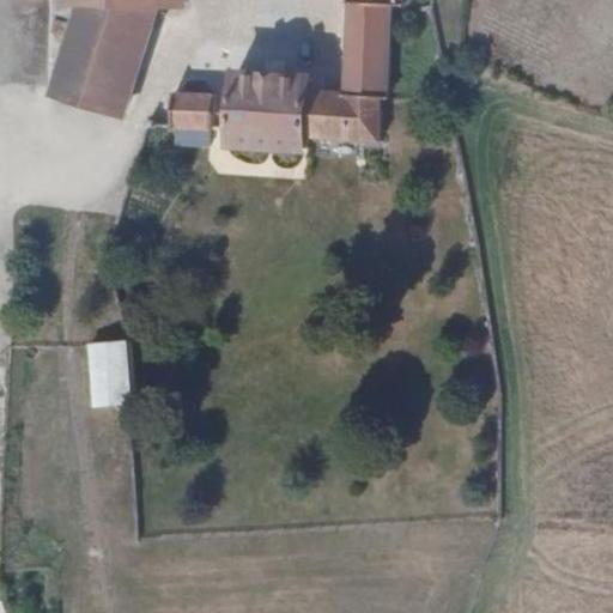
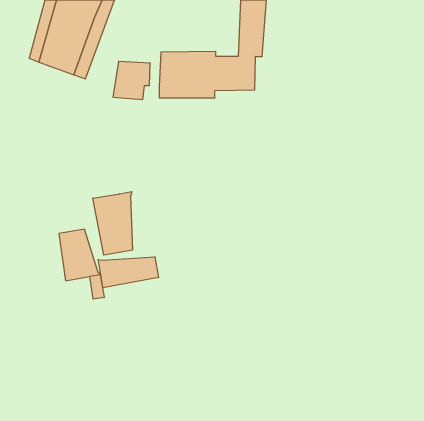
building: none -> [93,192,132,255]
building: none -> [98,257,159,288]

